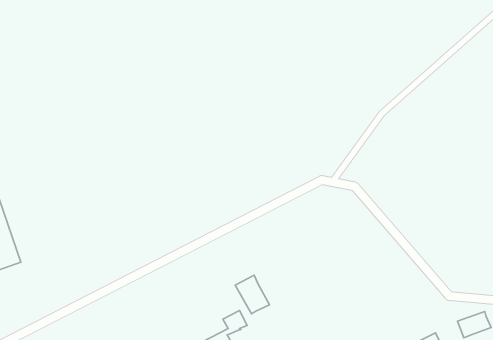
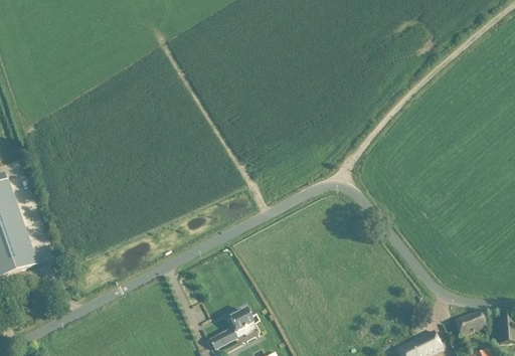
building: [235,275,270,314] -> none

